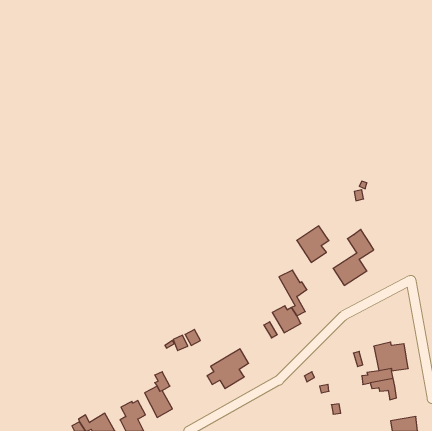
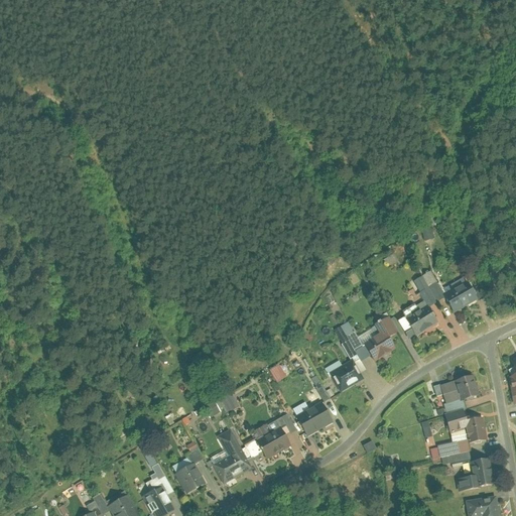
building: [297,226,329,262] -> [360,318,398,362]
building: none -> [441,279,474,313]
building: none -> [438,377,480,412]
building: none -> [294,403,331,436]
building: none -> [209,429,252,483]
building: none -> [457,456,496,490]

